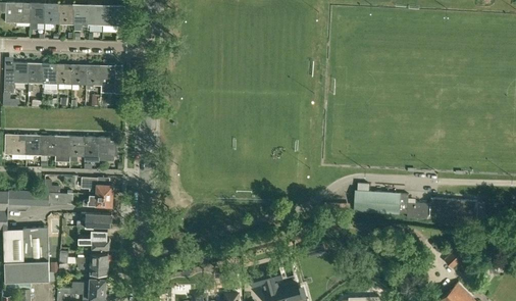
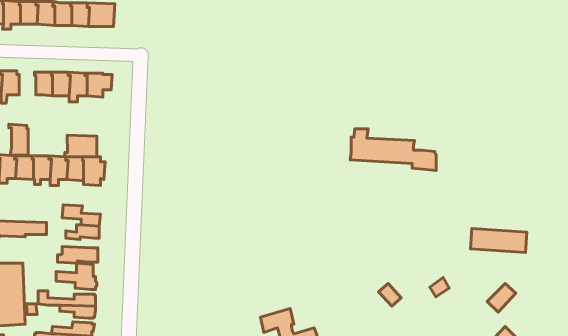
building: [41,63,57,90] -> [9,124,28,155]
building: none -> [64,135,97,157]
building: [353,184,426,219] -> [350,129,436,171]

